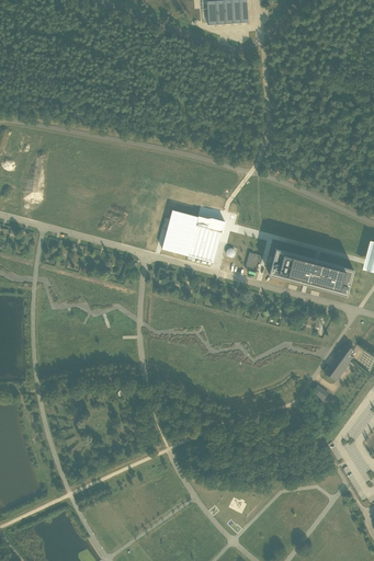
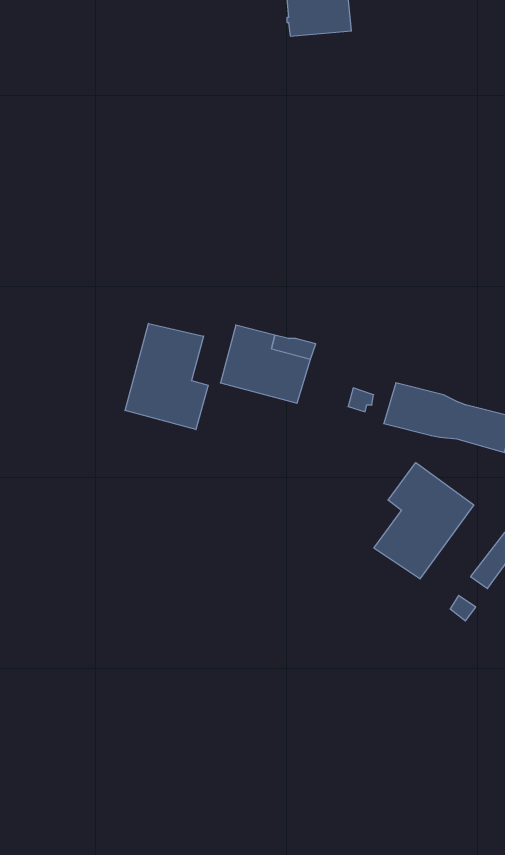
building: none -> [125,323,208,430]
building: none -> [374,463,474,579]

